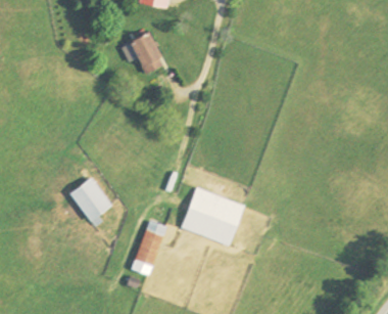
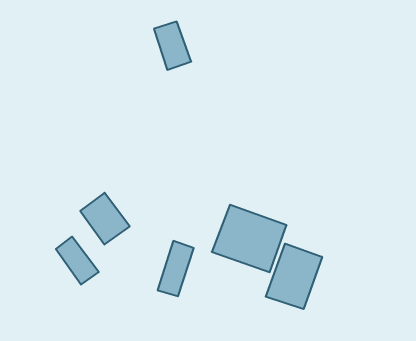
building: none -> [56,237,99,285]
building: none -> [266,244,322,309]

